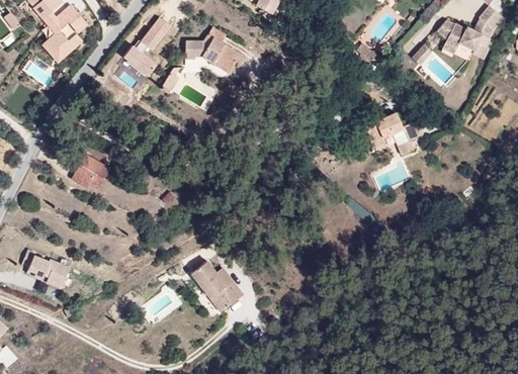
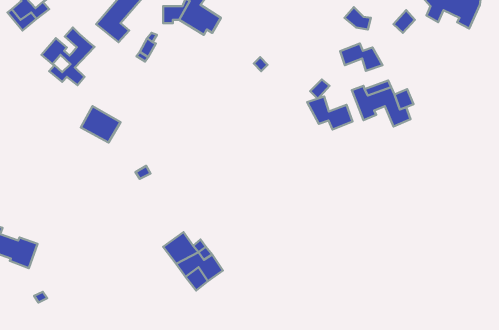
building: none -> [42,27,95,85]
building: none -> [340,44,383,71]
building: none -> [307,97,352,129]
building: [76,154,113,188] -> [81,106,120,142]

